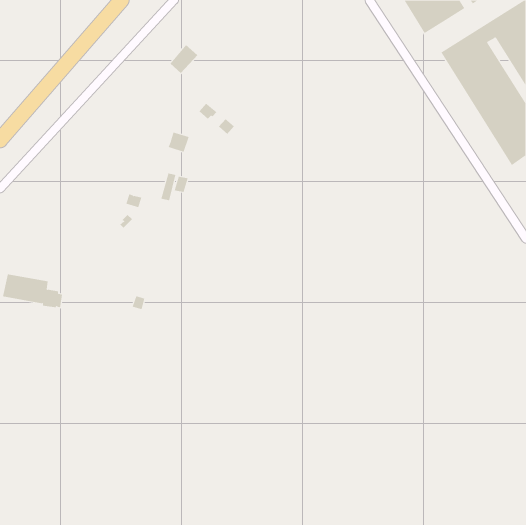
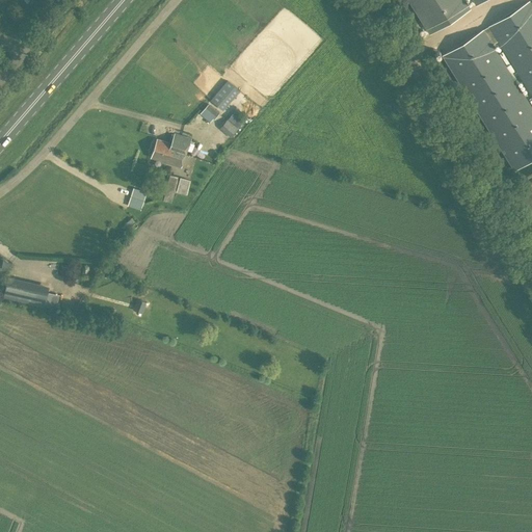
building: [169,44,198,74] -> [211,80,240,110]
building: none -> [150,139,186,168]

